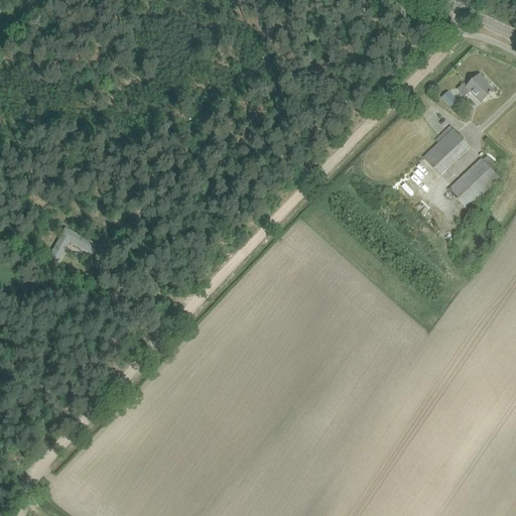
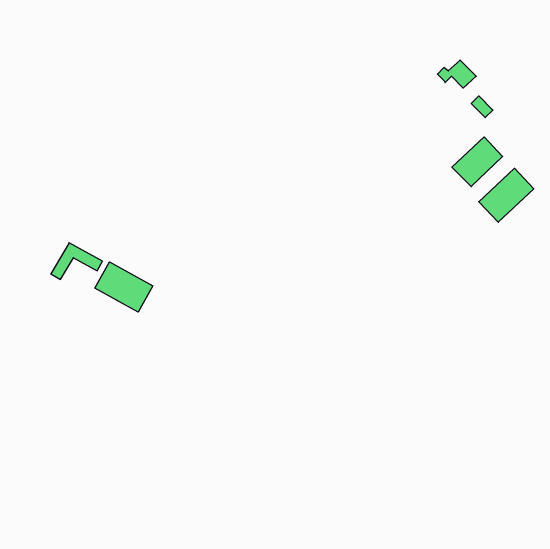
building: [457,75,493,101] -> [437,60,476,88]
building: none -> [95,262,153,312]

